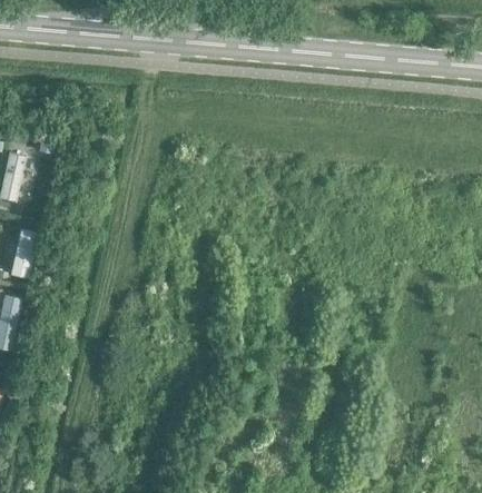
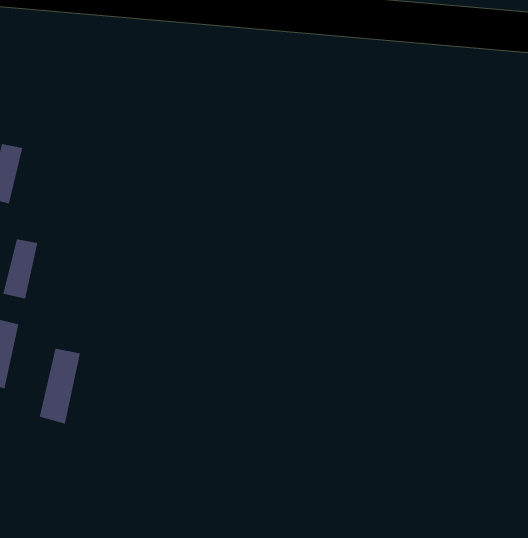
building: none -> [39,348,81,424]

